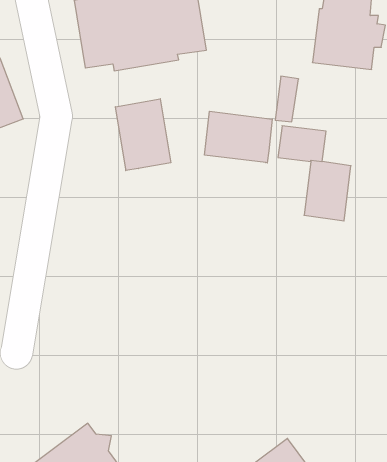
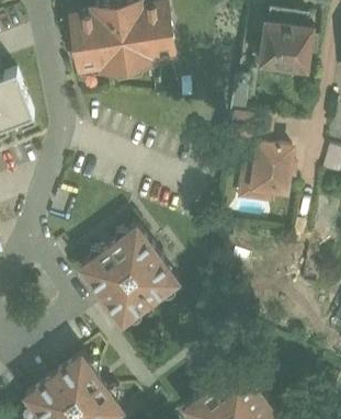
building: [115,99,171,171] -> none
building: [205,111,272,163] -> none
building: none -> [80,227,179,326]

